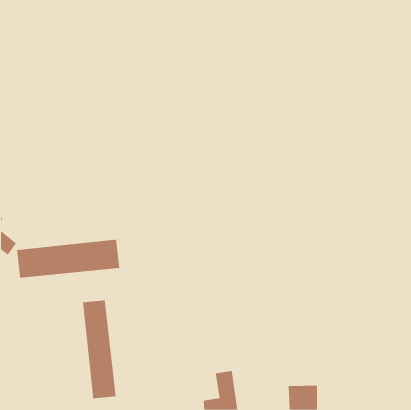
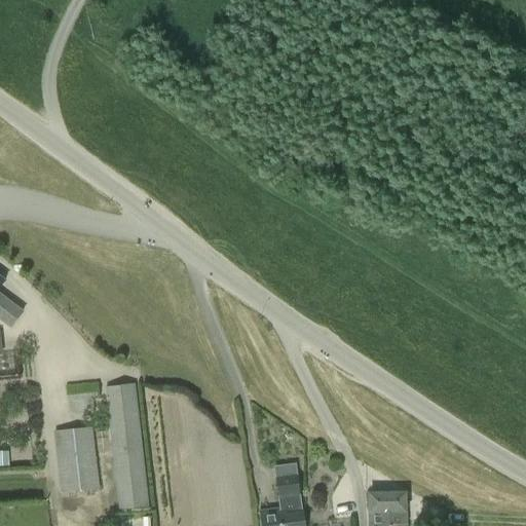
building: [17,239,120,278] -> none
building: none -> [53,426,100,492]

